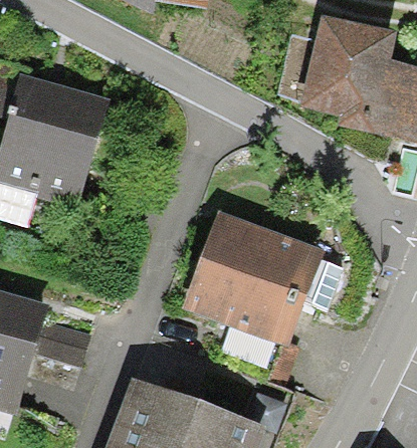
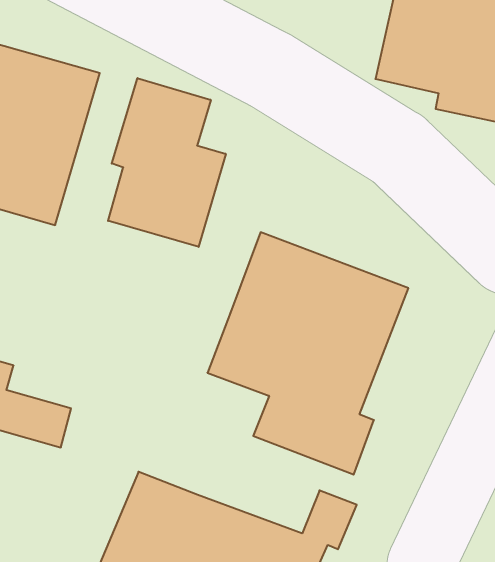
building: none -> [108,78,226,247]

